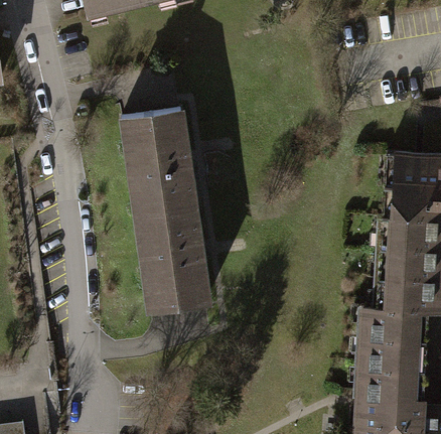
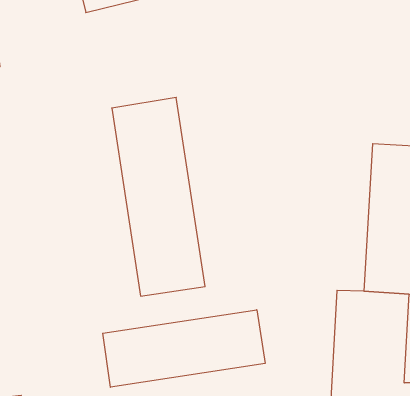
building: none -> [103,310,265,387]

